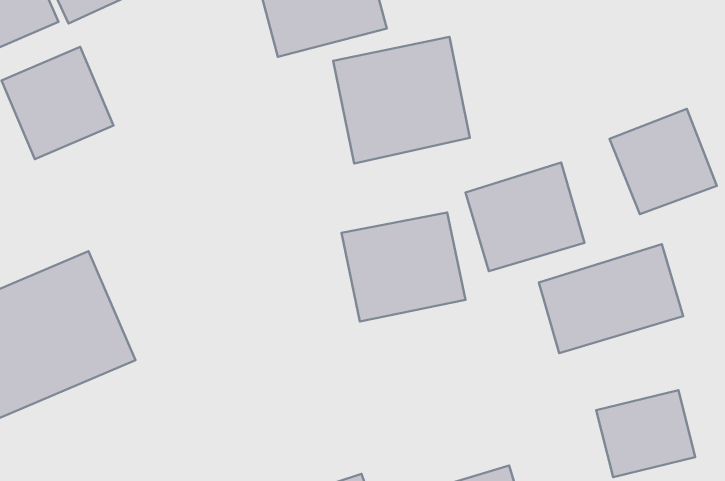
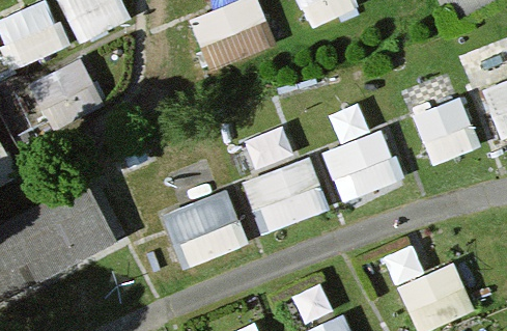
building: [333,37,470,164] -> none
building: [539,244,683,353] -> none
building: none -> [163,188,251,268]

